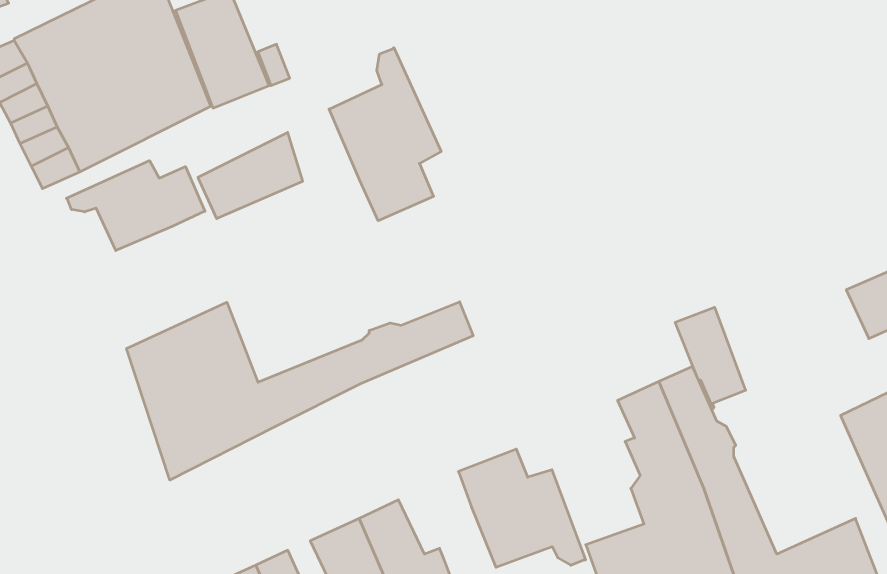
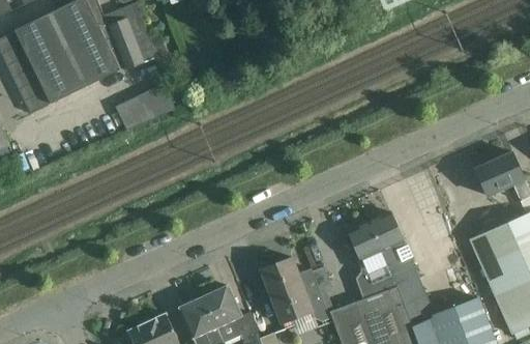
building: [329,48,441,221] -> none
building: [66,161,205,251] -> none
building: [127,302,473,480] -> none
building: [675,307,746,409] -> none

